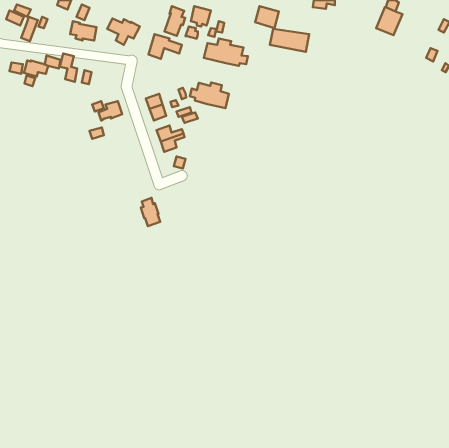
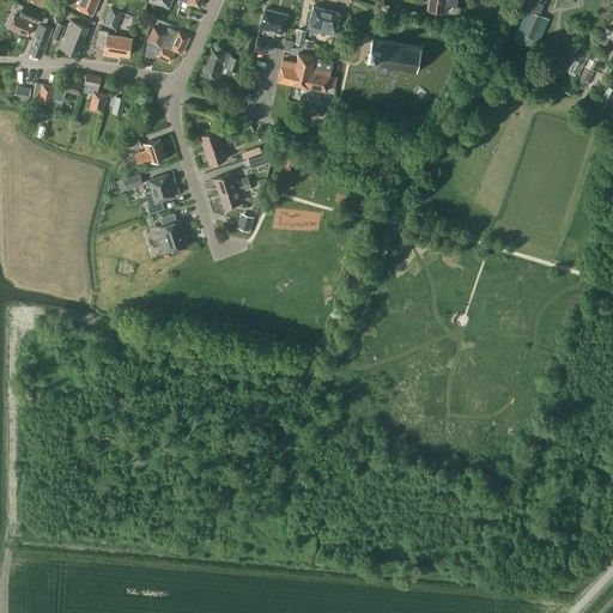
building: [255,6,279,28] -> [308,6,340,36]
building: [164,6,185,36] -> none
building: none -> [60,20,89,56]
building: [190,82,229,108] -> none
building: none -> [145,174,175,214]
building: [141,198,160,226] -> [159,213,186,251]

